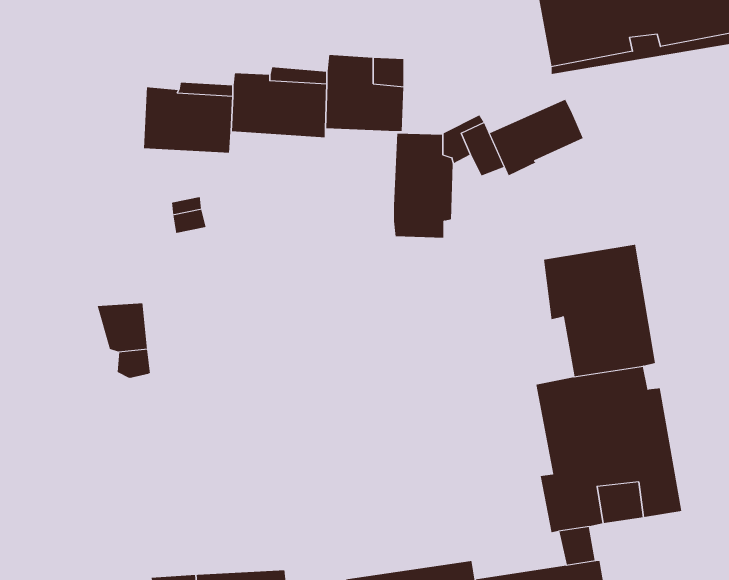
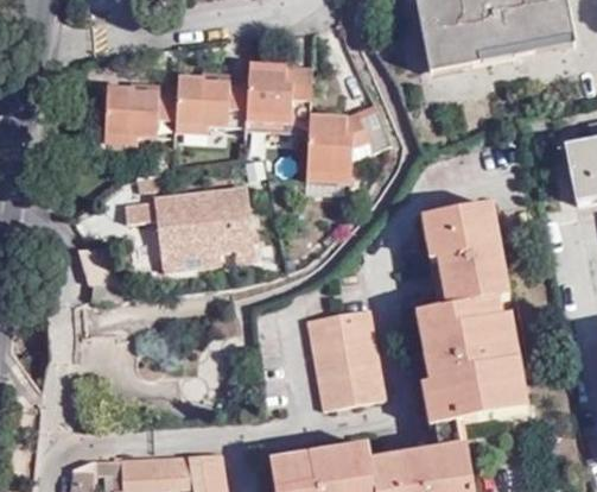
building: [489,99,583,176] -> none
building: none -> [125,187,256,272]
building: none -> [307,308,383,409]

